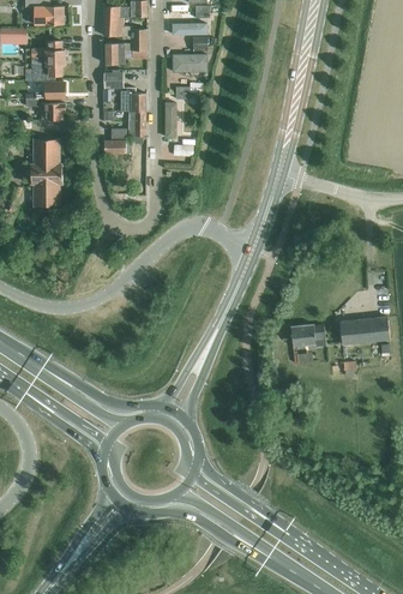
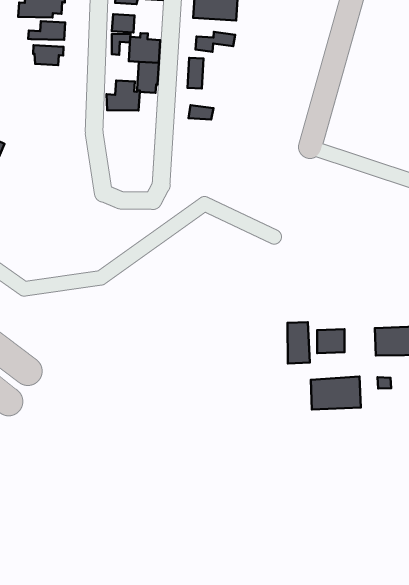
building: [30,139,62,210] -> none
building: none -> [288,322,310,363]
building: none -> [311,376,361,410]

